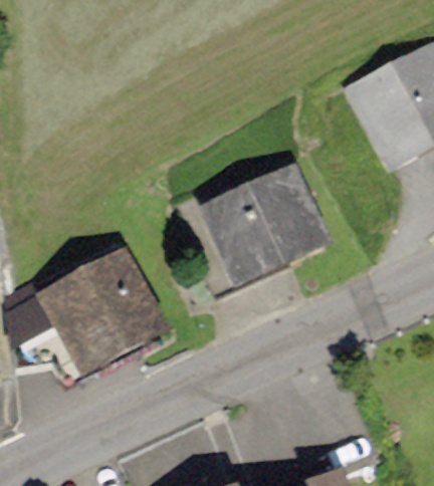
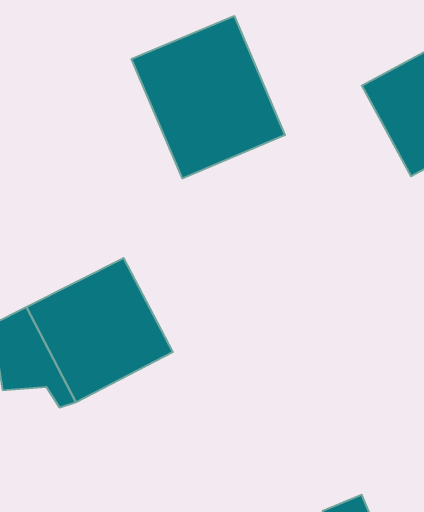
building: none -> [132,16,285,178]
building: [197,163,329,287] -> none

